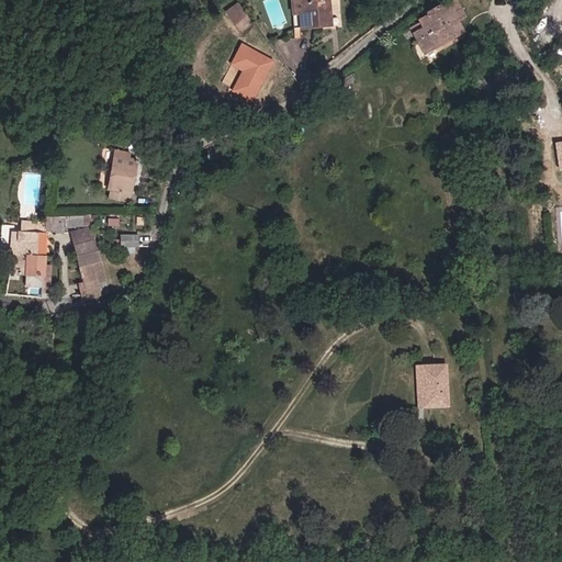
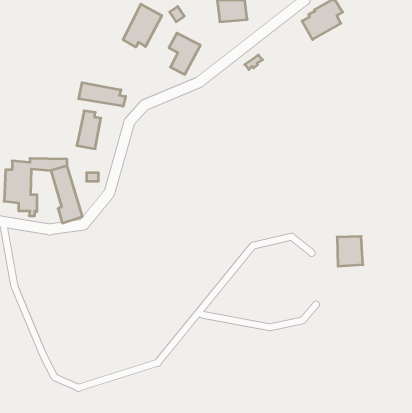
building: none -> [123,4,162,47]
building: none -> [79,83,126,106]
building: [414,364,449,405] -> [337,236,363,266]

